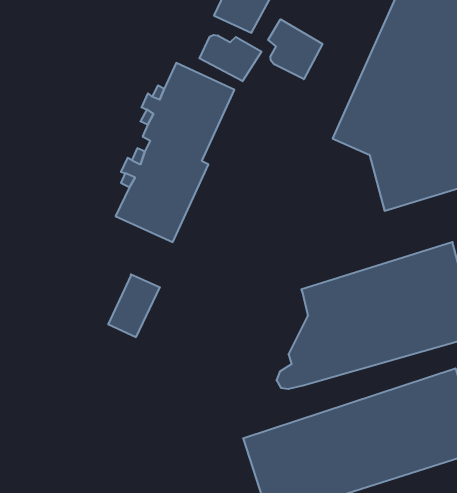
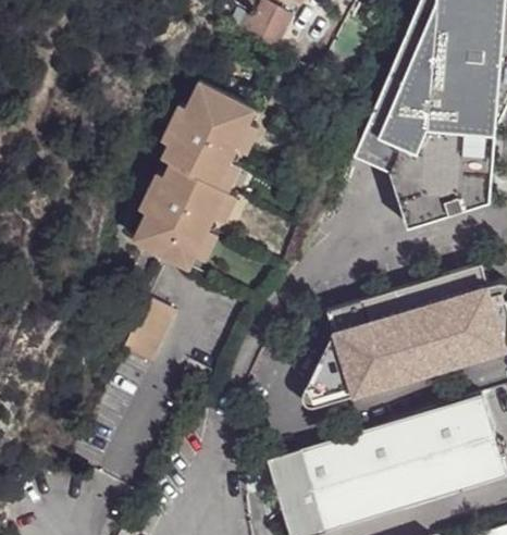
building: [268,19,322,79] -> none
building: [199,35,261,81] -> none

